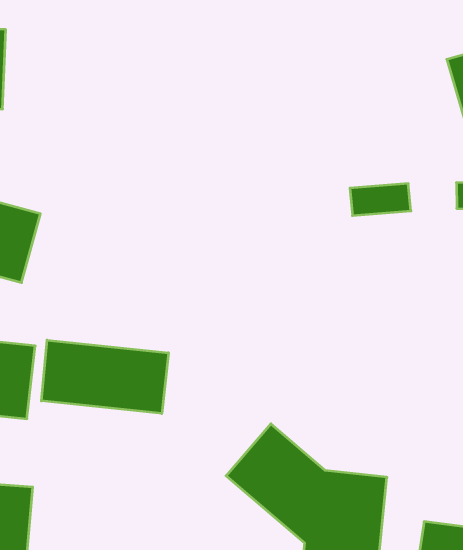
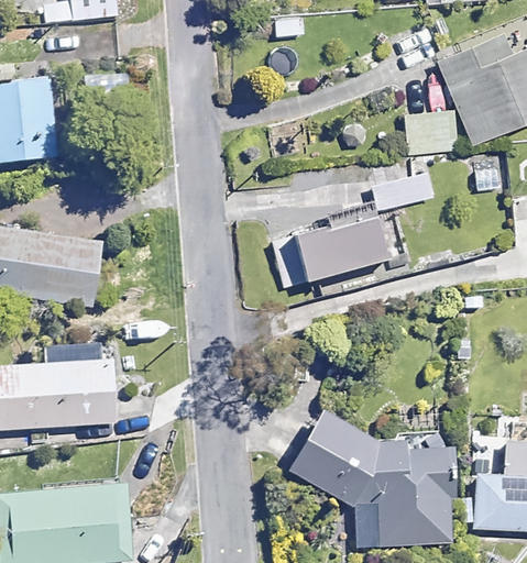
building: none -> [403,109,455,153]
building: none -> [297,222,389,285]
building: [41,340,168,414] -> none

